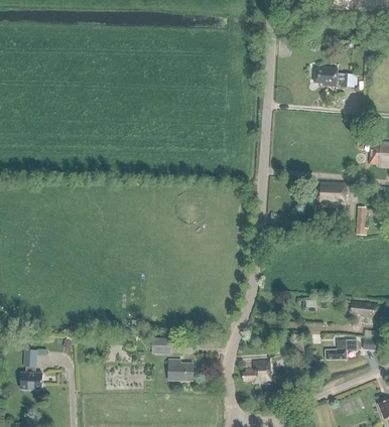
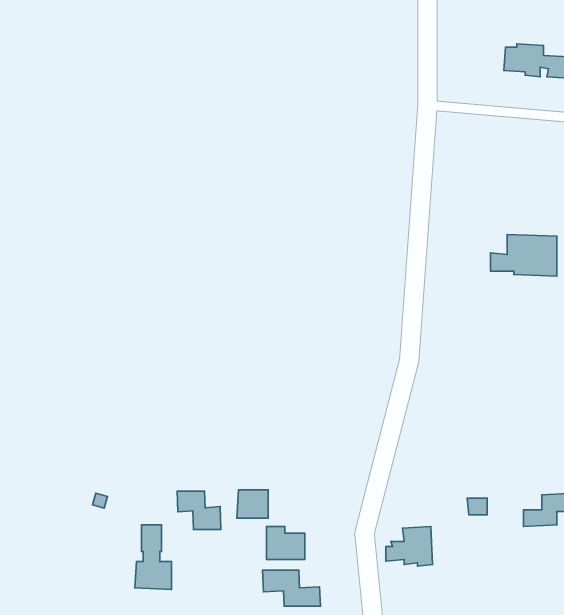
building: none -> [177,491,221,529]
building: [20,349,42,389] -> [135,525,171,590]
building: none -> [263,570,320,606]

